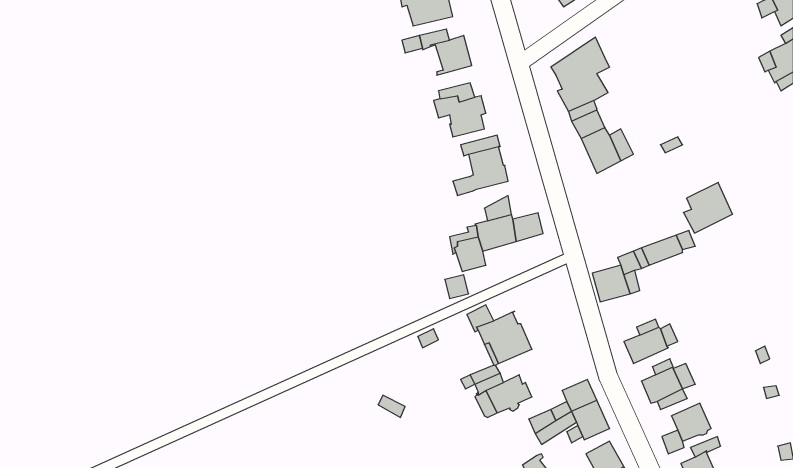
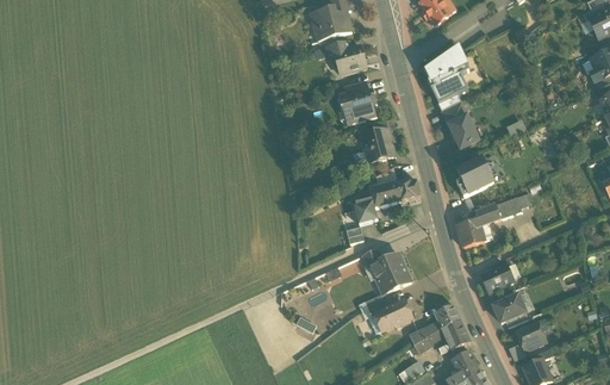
building: [683,182,733,233] -> [455,159,492,197]

